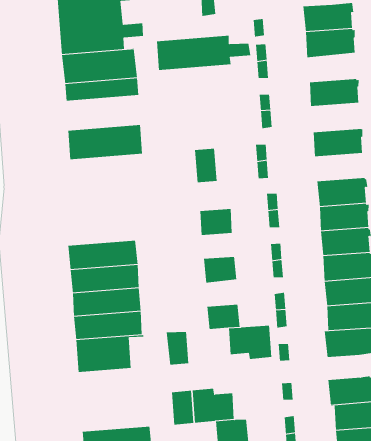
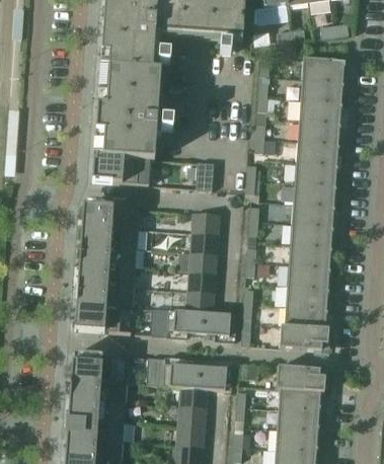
building: [156,35,251,71] -> [95,105,173,134]
building: none -> [299,99,341,123]
building: none -> [296,140,338,164]
building: none -> [293,181,335,205]
building: none -> [91,154,154,184]
building: none -> [81,204,140,228]
building: none -> [190,232,218,253]
building: none -> [187,272,216,293]
building: none -> [166,309,203,337]
building: none -> [197,361,233,390]
building: none -> [70,352,129,382]

